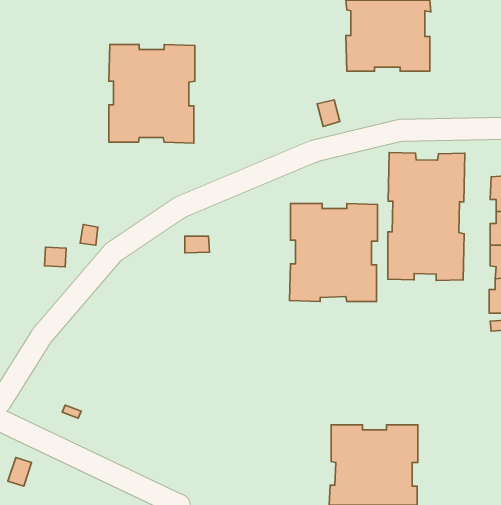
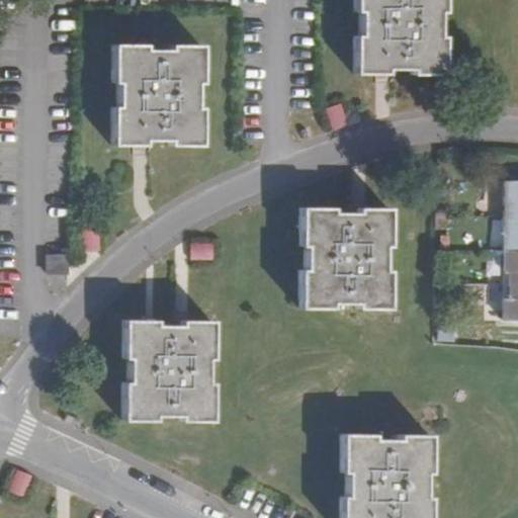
building: [388,153,465,281] -> none
building: none -> [124,321,213,421]

